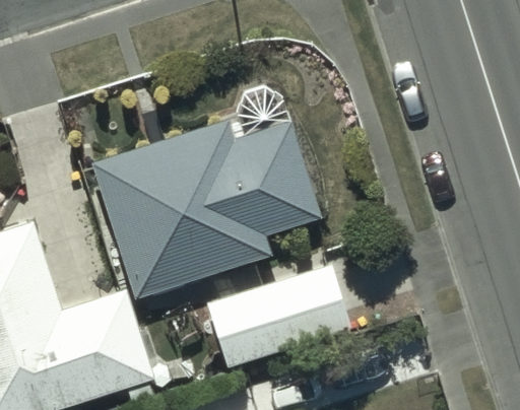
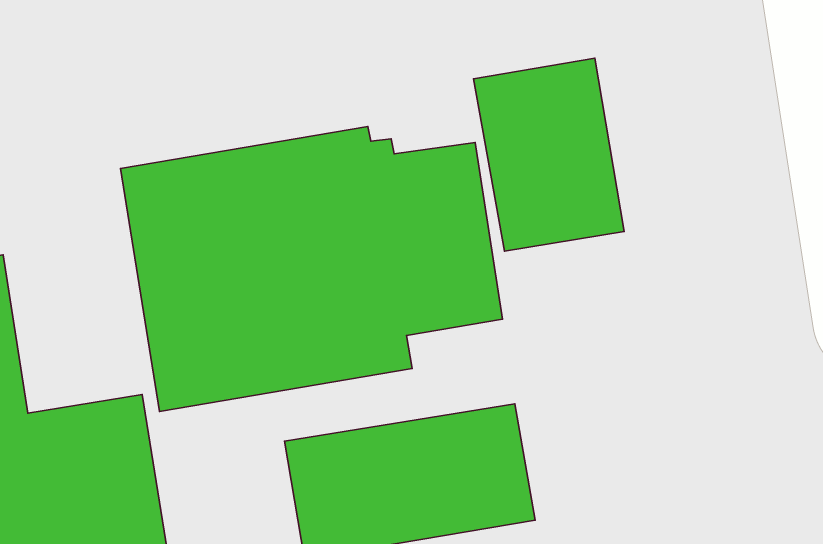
building: none -> [473,58,624,251]

